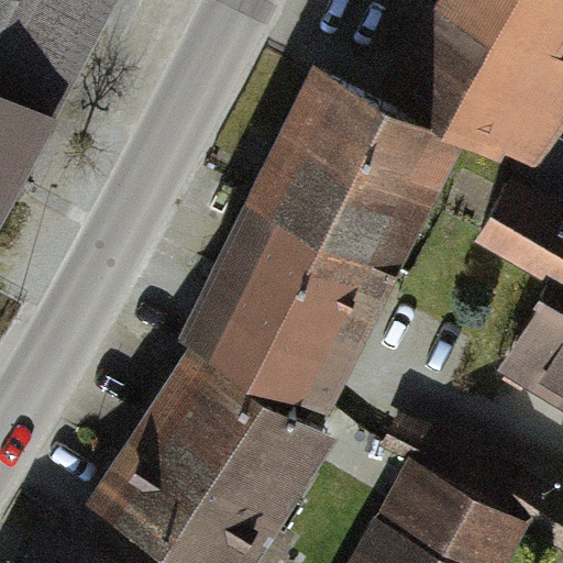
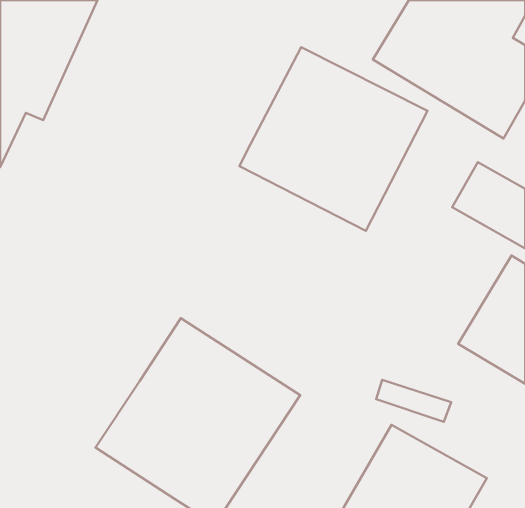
building: [191,196,391,390] -> none

